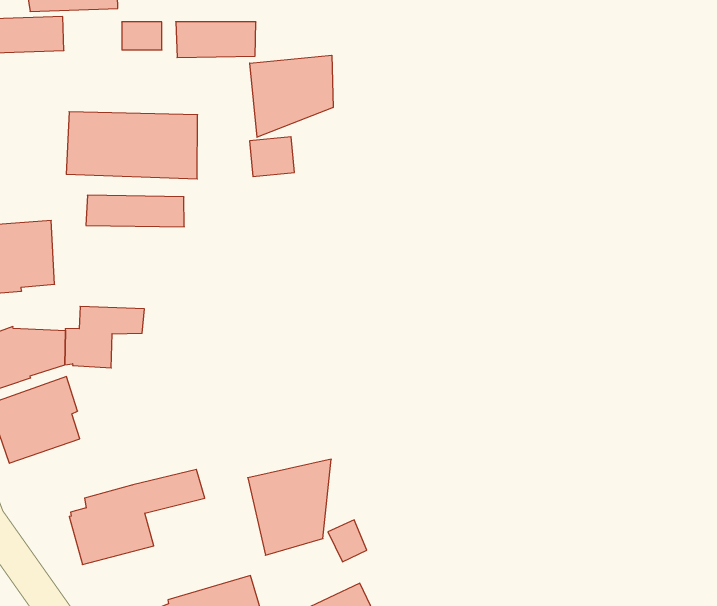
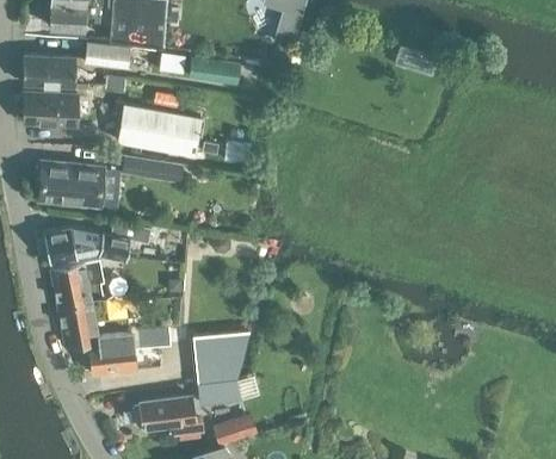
building: [250,55,333,137] -> none
building: none -> [57,299,129,348]
building: none -> [202,382,242,404]

